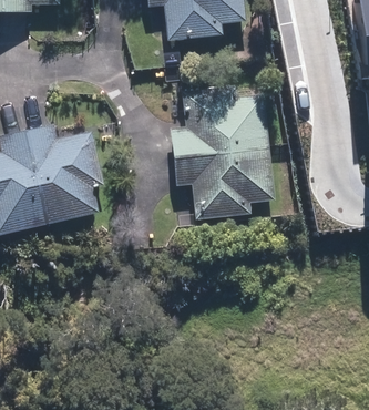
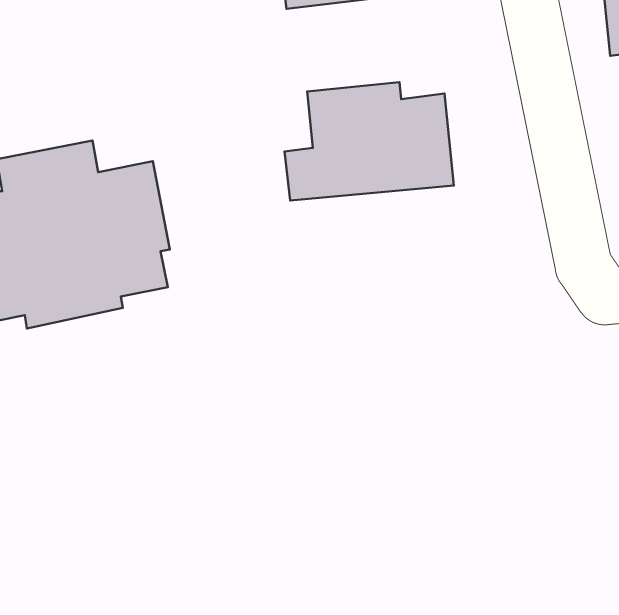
building: [173,146,275,219] -> none

